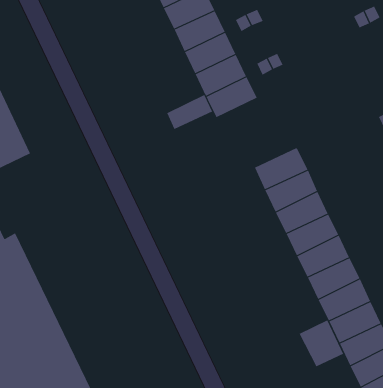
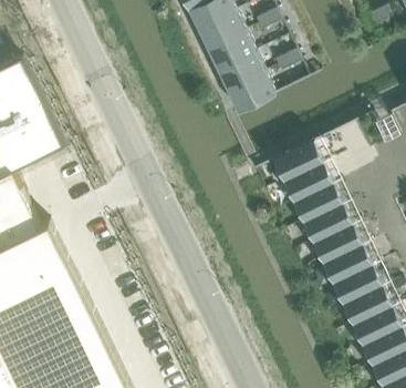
building: [166,94,213,130] -> none
building: [299,320,344,367] -> none

